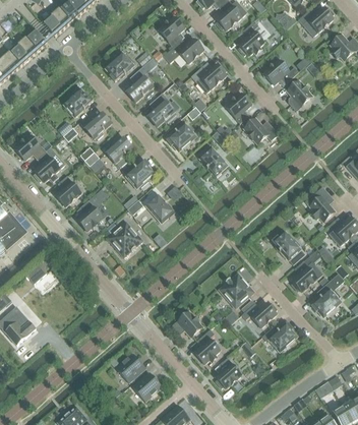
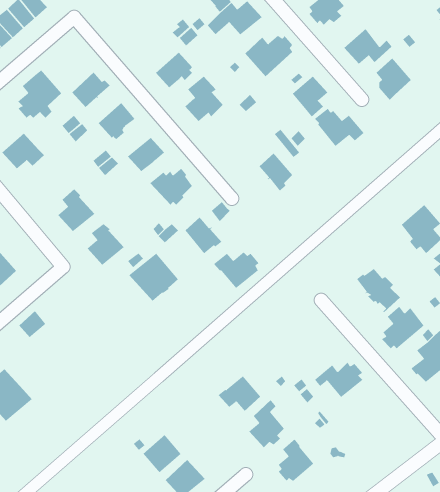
building: [106,53,133,81] -> none
building: [166,124,195,150] -> none
building: [33,146,65,182] -> [18,70,62,118]
building: none -> [213,252,259,289]
building: [218,272,254,309] -> none
building: [262,323,296,351] -> none

